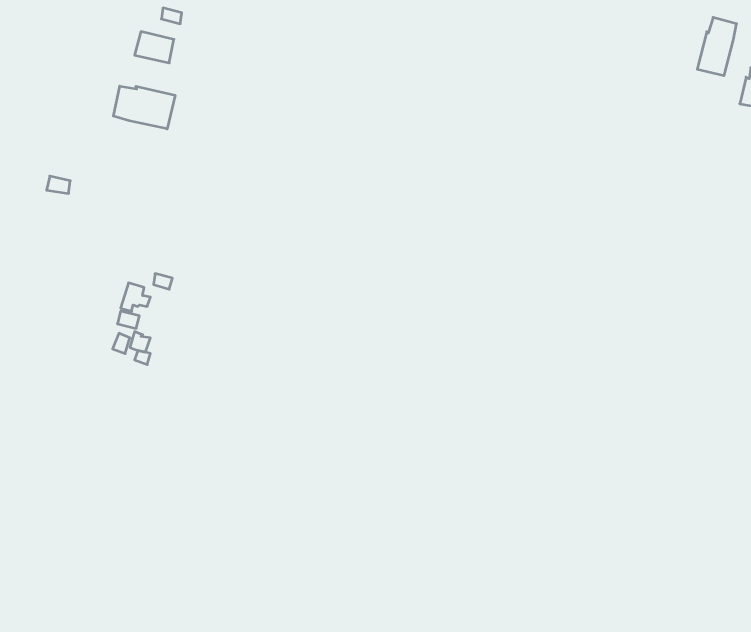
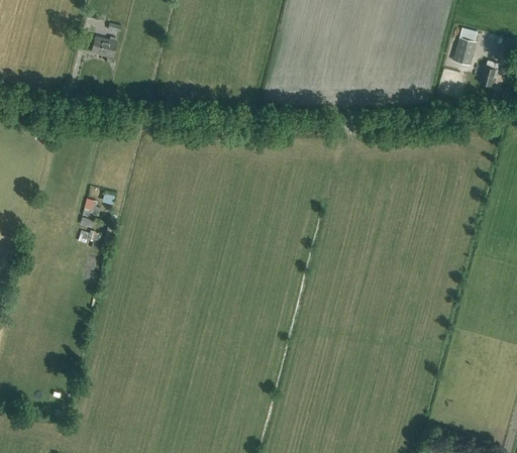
building: [113,86,175,129] -> none

